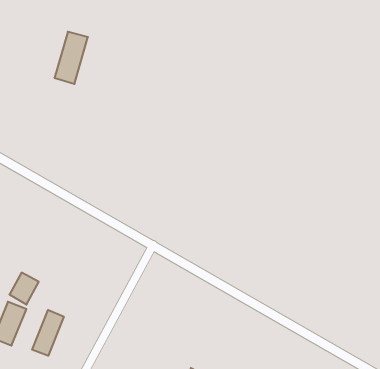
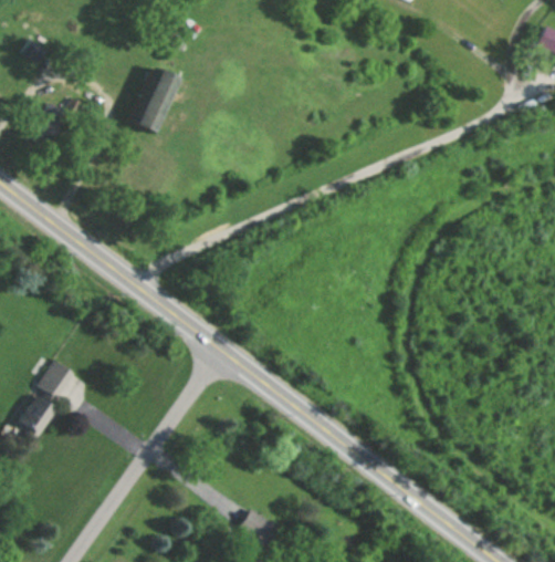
building: [32,310,64,356] -> none

